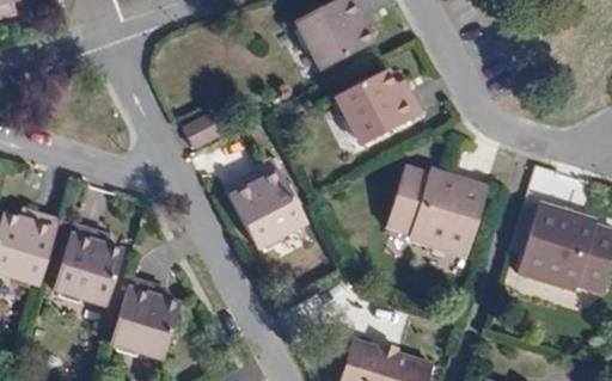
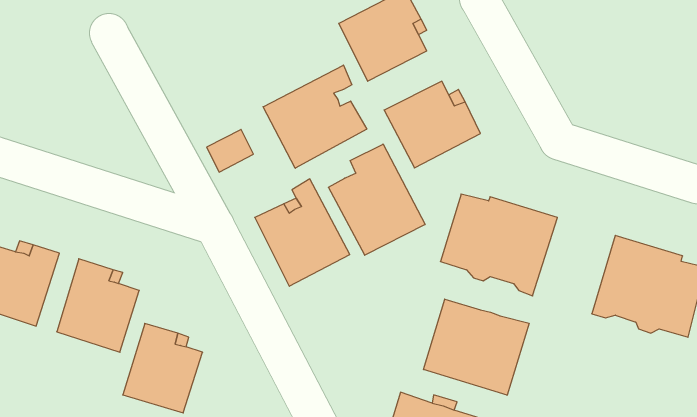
building: none -> [263,65,367,168]
building: none -> [328,144,425,255]
building: none -> [424,299,529,395]

